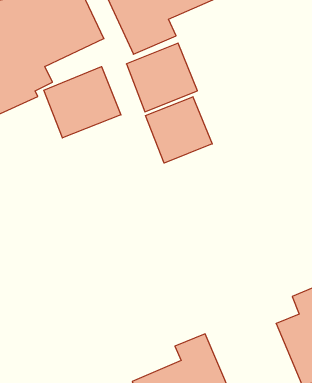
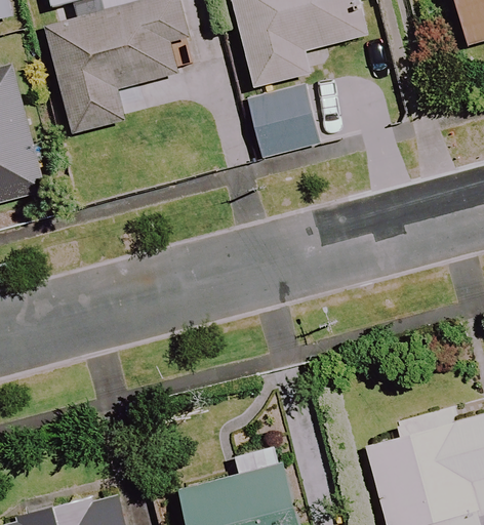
building: [44,67,121,138] -> none
building: [145,97,212,163] -> none

